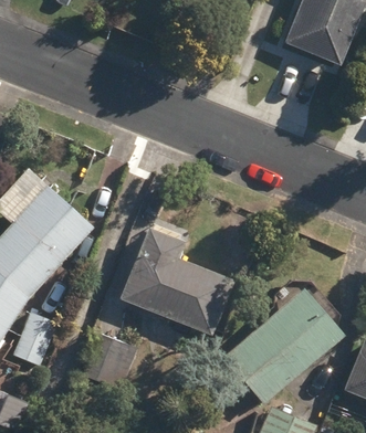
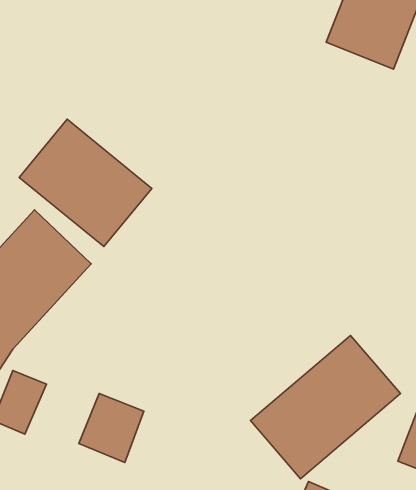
building: none -> [19,119,152,247]
building: [119,226,234,335] -> none

